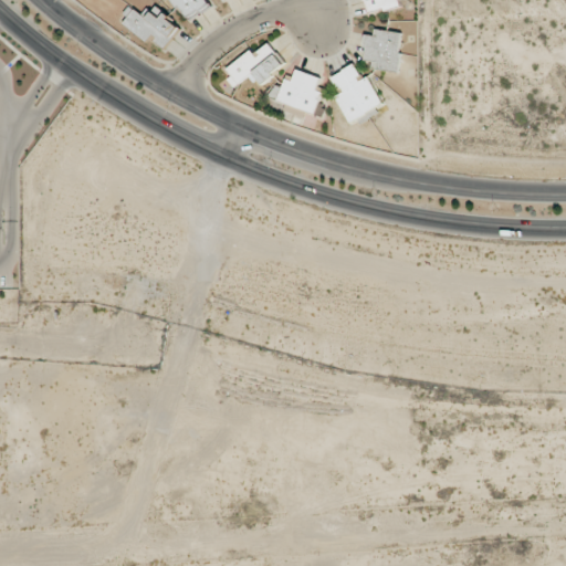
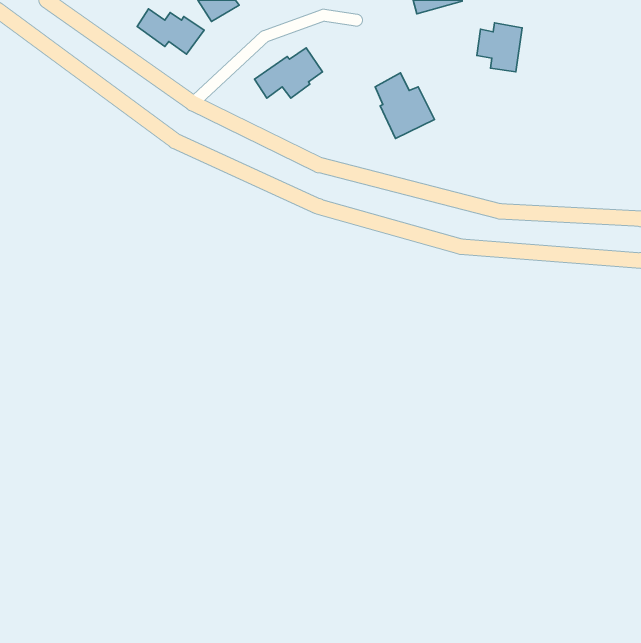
building: [361,29,401,72] -> [477,23,522,72]
building: [268,70,321,113] -> none

